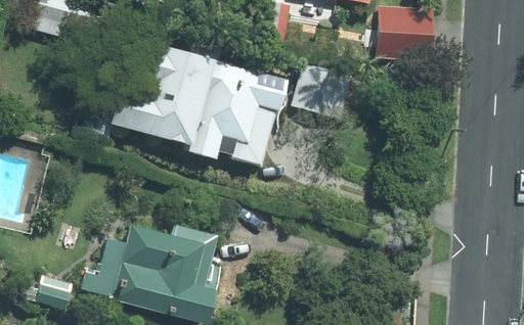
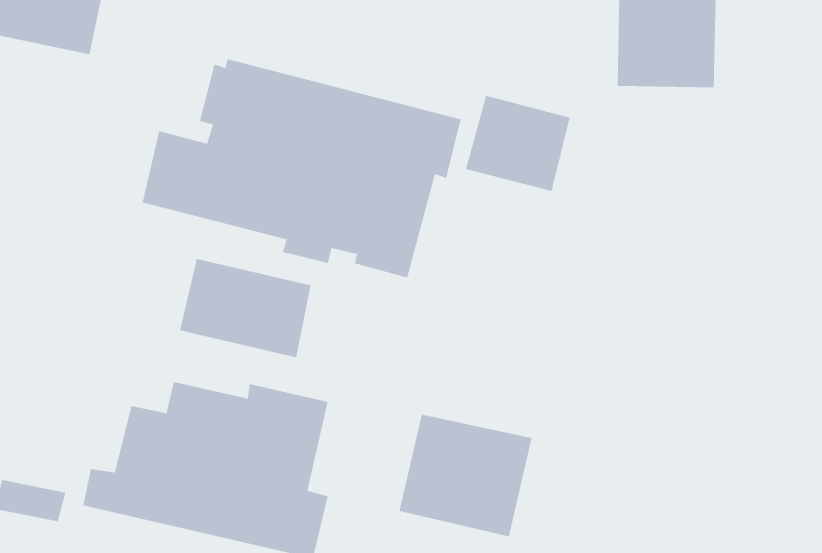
building: none -> [180,258,311,358]
building: none -> [399,414,532,537]

